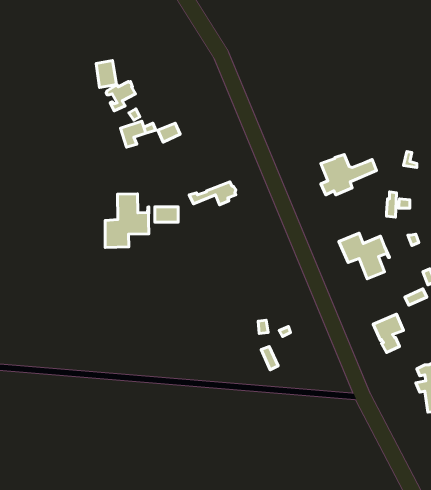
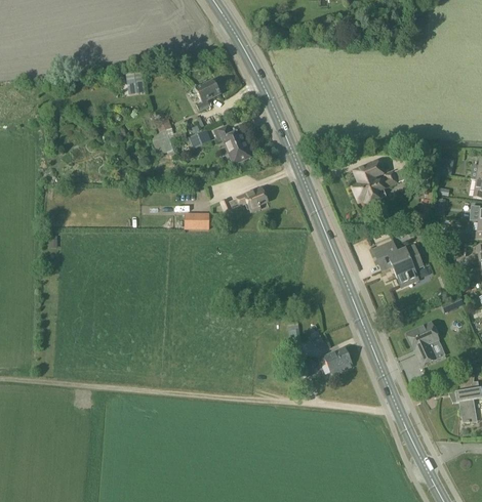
building: [106,82,135,111] -> [191,81,220,111]
building: none -> [214,126,249,163]
building: [105,194,149,248] -> none
building: none -> [317,346,352,373]

